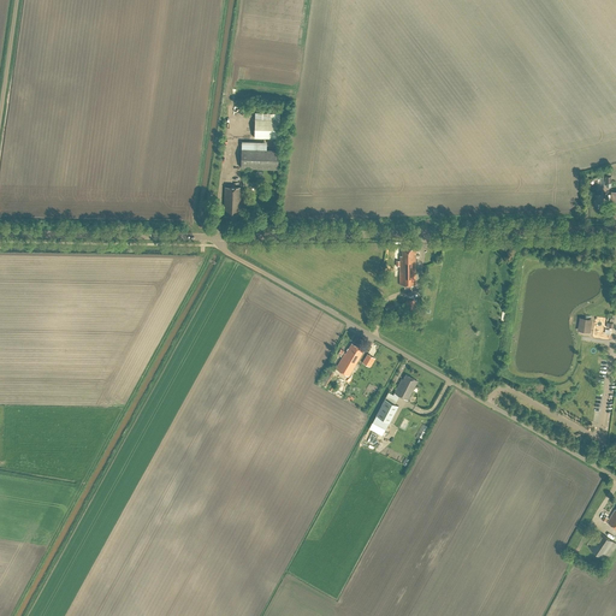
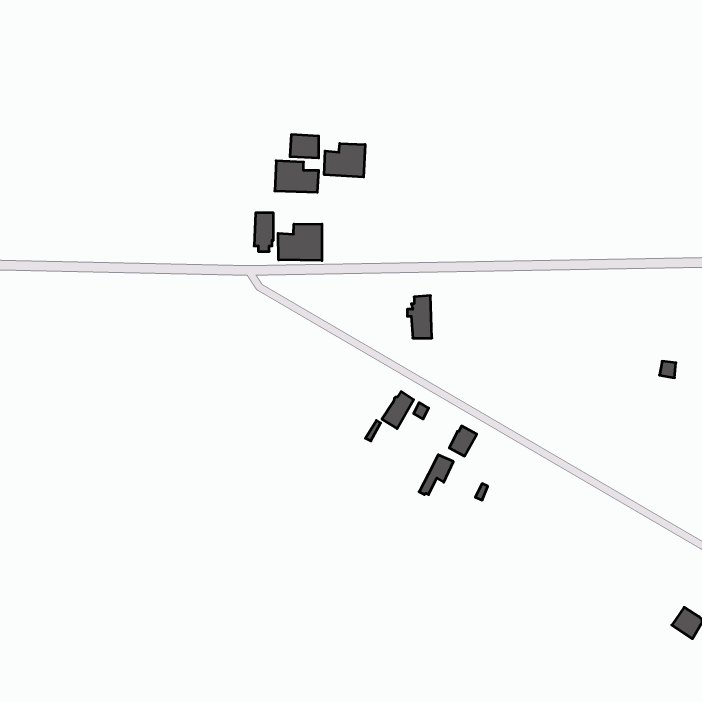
building: none -> [324,143,365,177]
building: none -> [278,224,322,261]
building: [395,247,416,284] -> [407,296,432,338]

